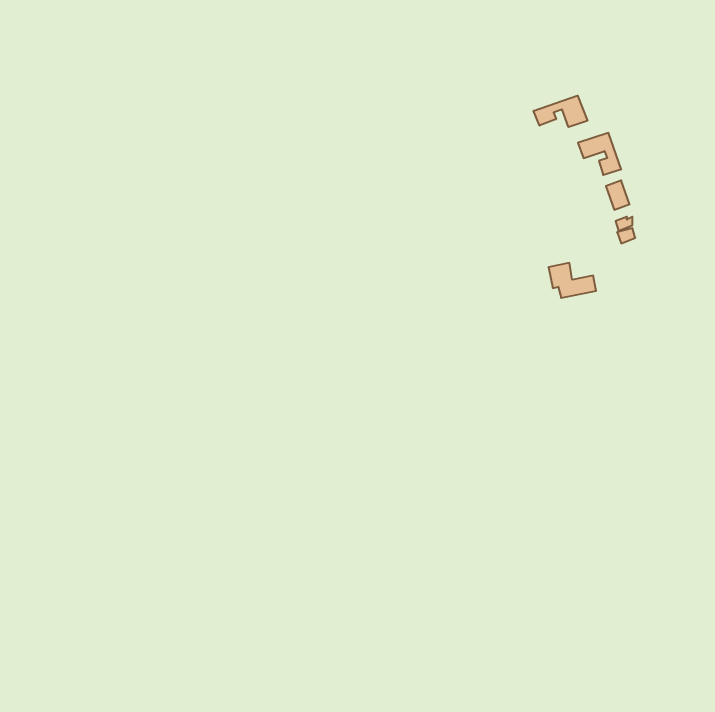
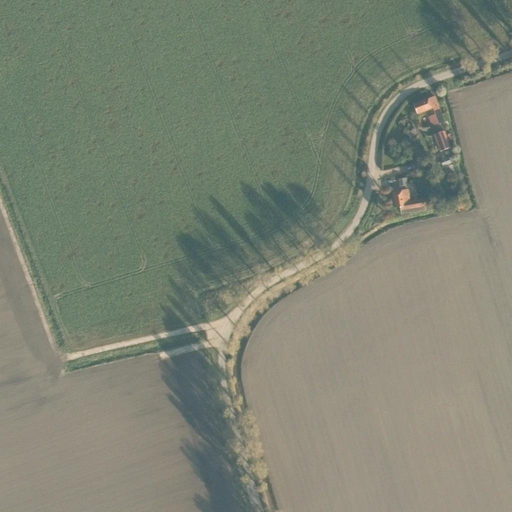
building: [534,96,587,127] -> none

